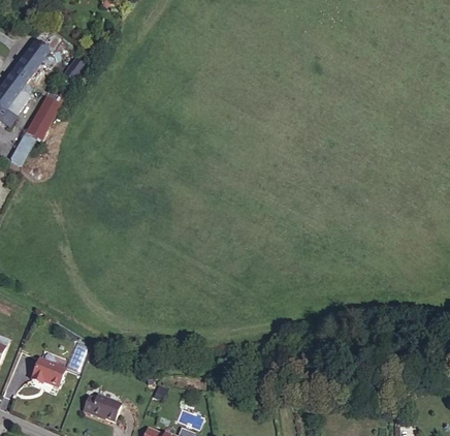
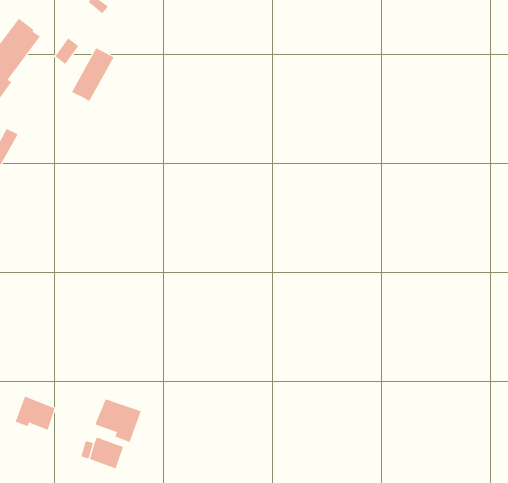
building: [24,95,60,141] -> [71,47,114,102]
building: none -> [95,399,141,443]

